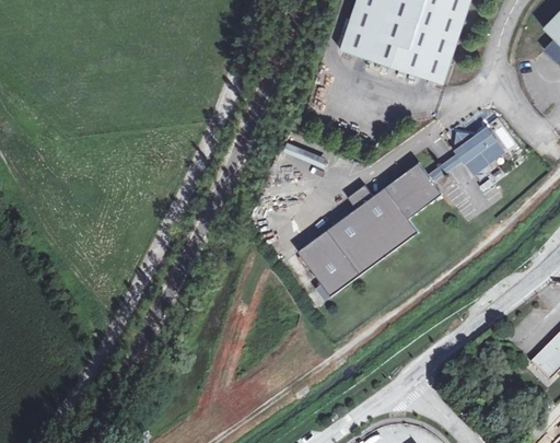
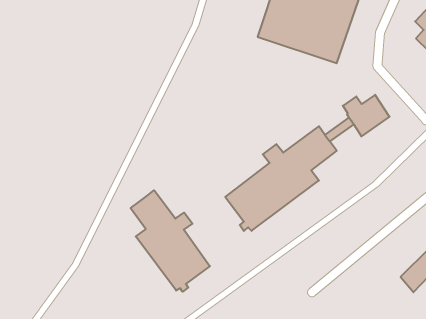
building: none -> [131,190,210,292]

